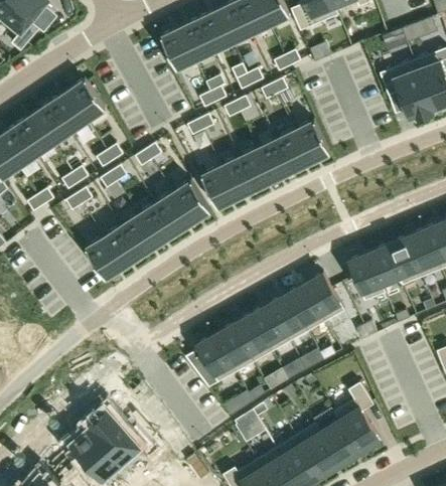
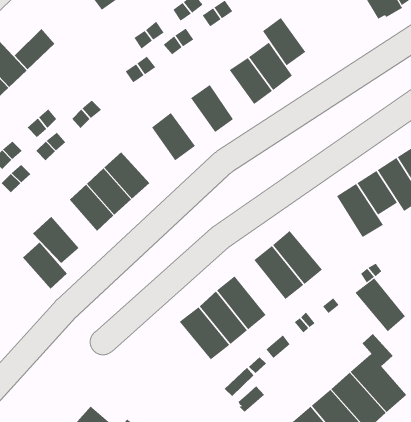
building: none -> [14,28,55,70]
building: [257,139,291,181] -> [262,17,306,66]
building: [219,157,254,198] -> none
building: [171,181,209,223] -> none
building: [103,225,139,268] -> [22,241,68,289]
building: [303,274,343,322] -> [355,278,406,332]
building: [250,304,289,352] -> none

